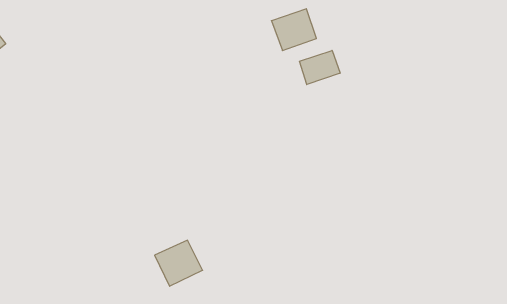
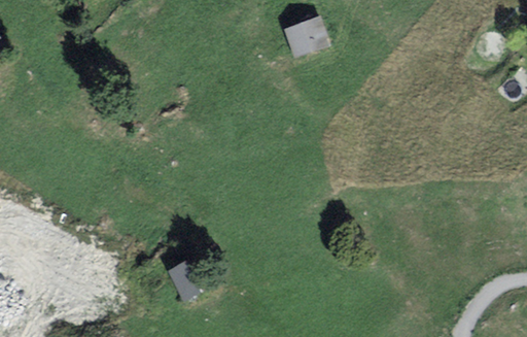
building: [299,50,340,85] -> none

